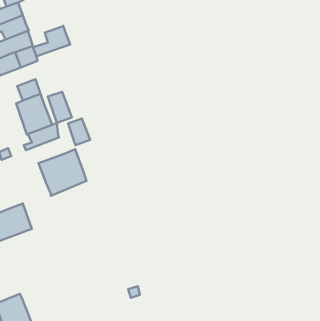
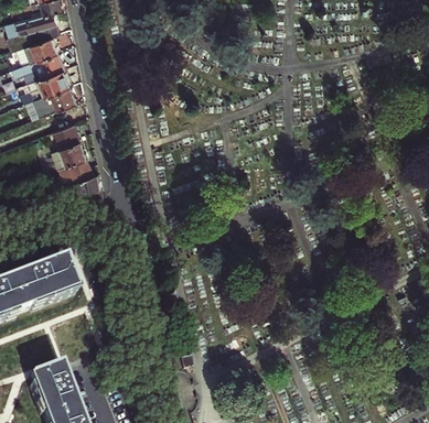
building: [33,26,70,57] -> none
building: [48,92,72,123] -> none
building: [68,119,90,145] -> none
building: [39,149,87,196] -> none

